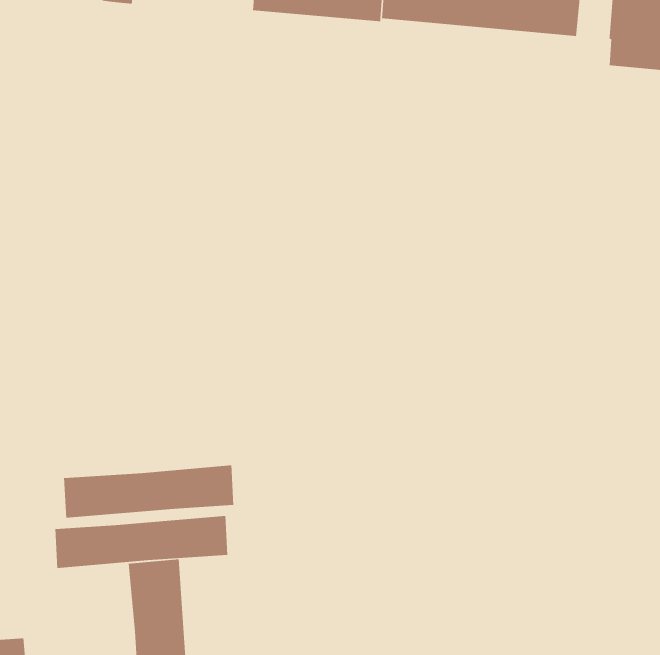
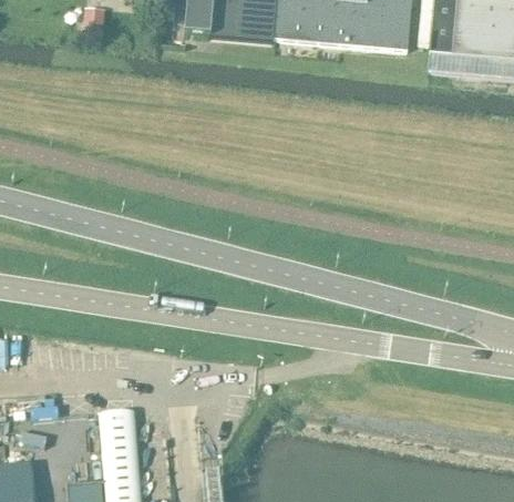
building: [64,465,234,519] -> none
building: [55,515,228,569] -> none

